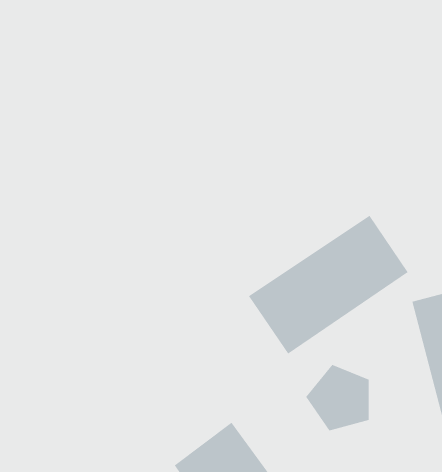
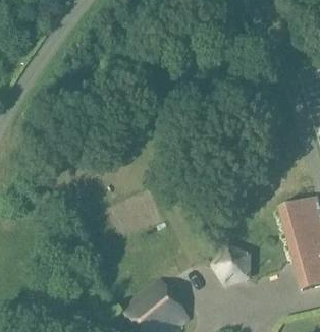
building: [248,215,408,354] -> none

